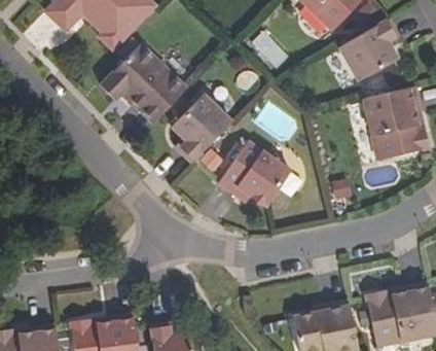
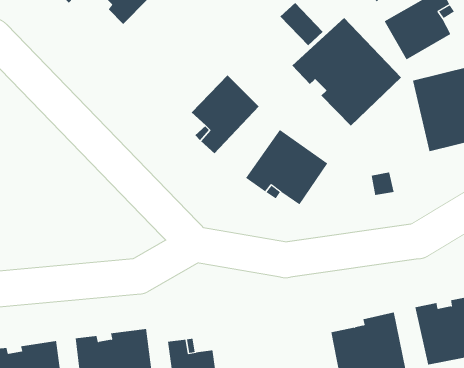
building: none -> [292,17,402,127]
building: [101,44,187,122] -> none

